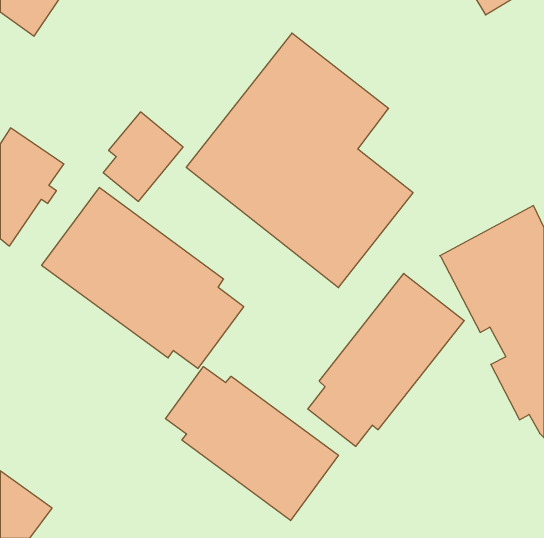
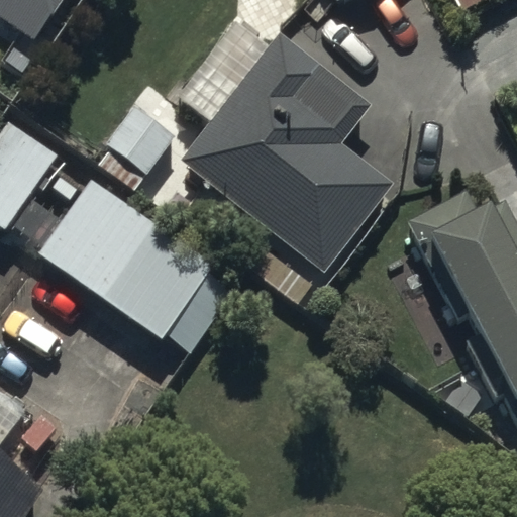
building: [308,273,464,446] -> none
building: [165,367,338,521] -> none

